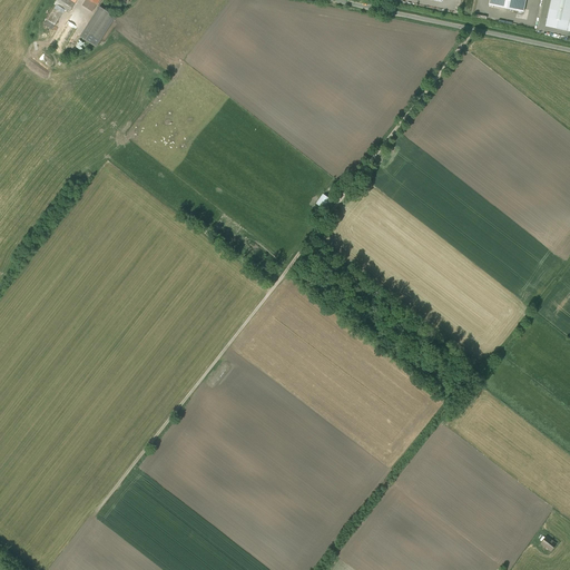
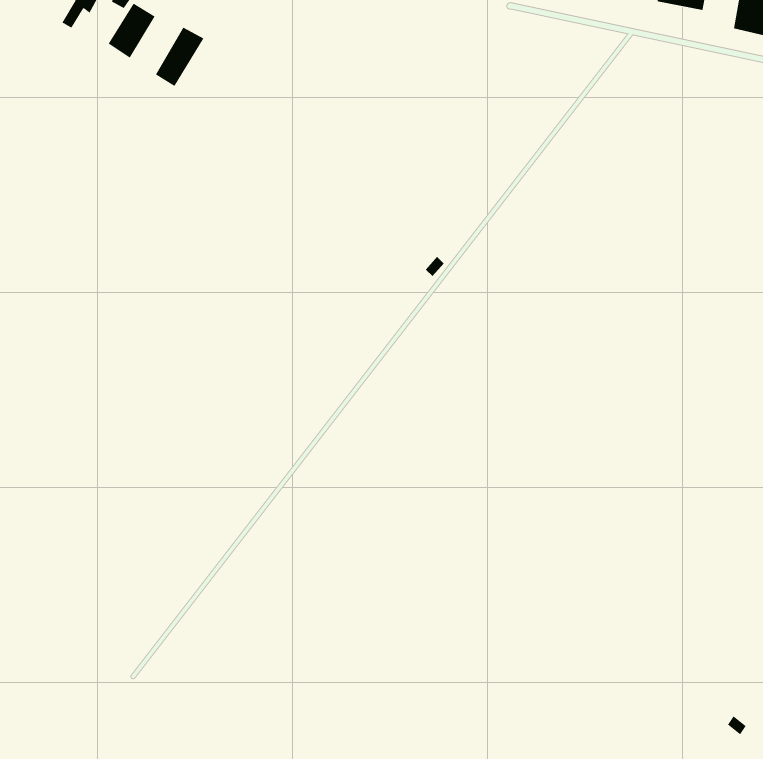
building: none -> [155,27,204,87]

